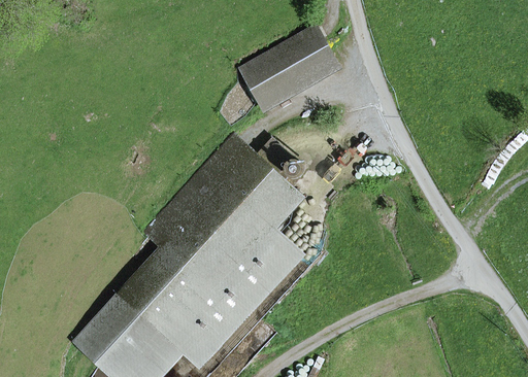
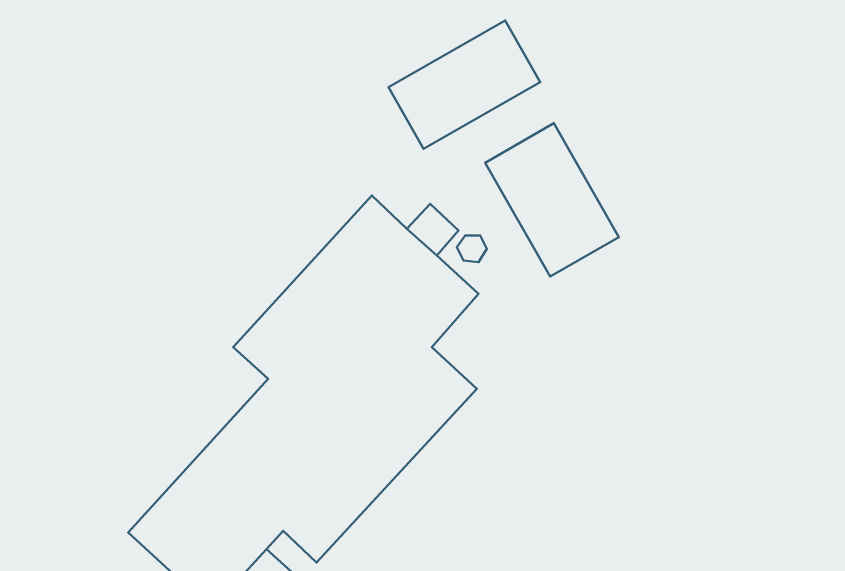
building: none -> [485,123,619,277]

